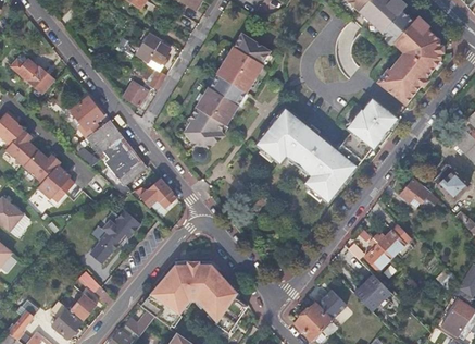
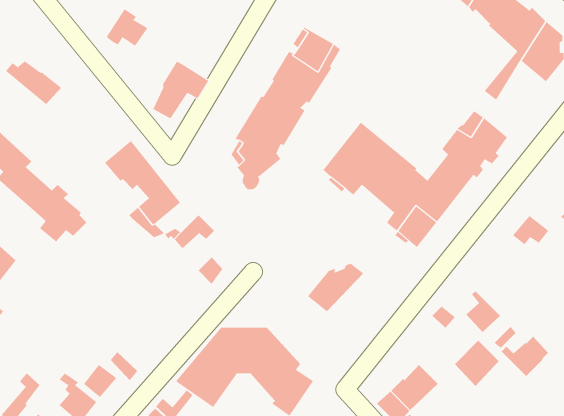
building: [137,34,170,63] -> [106,8,148,47]
building: [388,60,426,105] -> none
building: [70,97,105,130] -> none
building: [89,210,141,262] -> none
building: none -> [307,263,364,312]
building: [372,224,409,256] -> [501,336,549,377]

